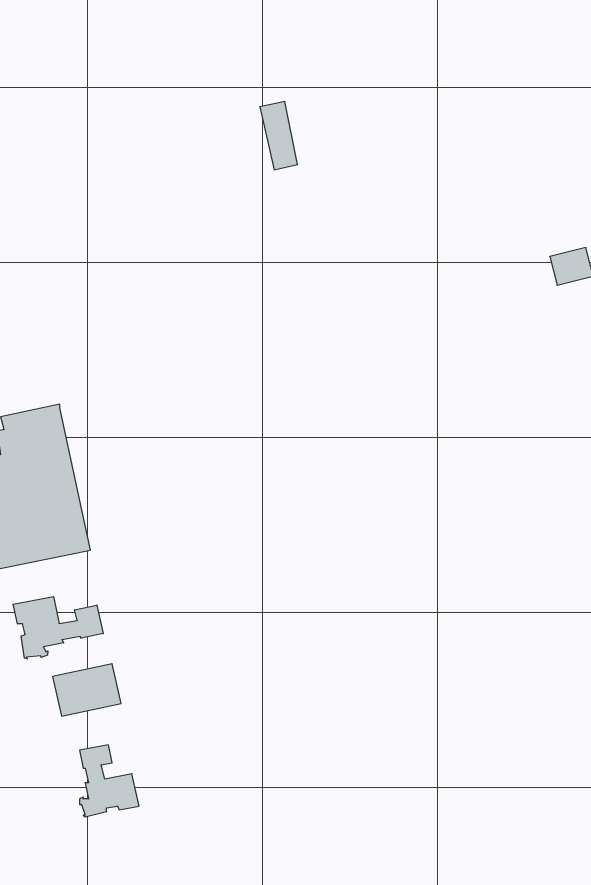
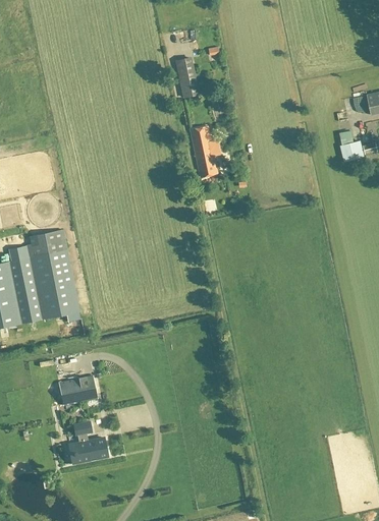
building: none -> [190,126,218,177]
building: [13,597,103,659] -> none

